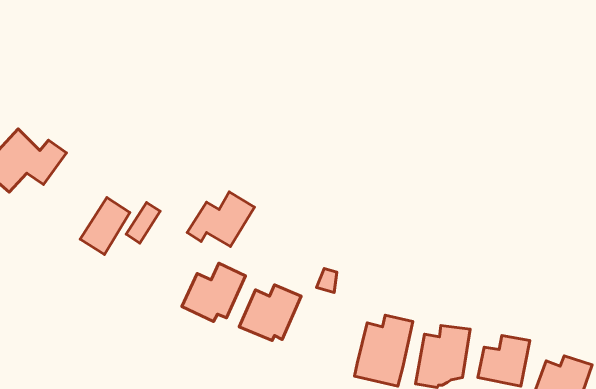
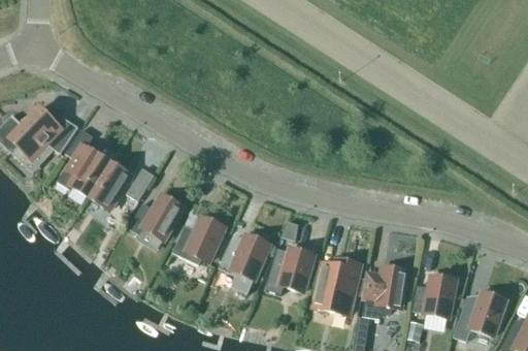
building: none -> [60,129,112,197]
building: [187,192,255,246] -> [129,194,184,238]
building: none -> [269,248,315,291]

